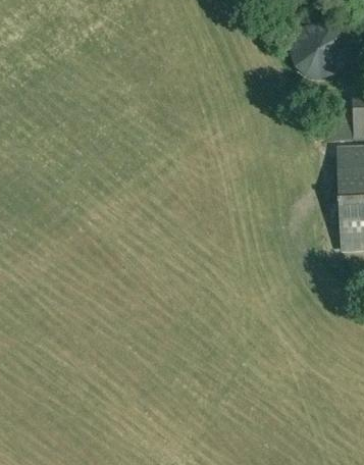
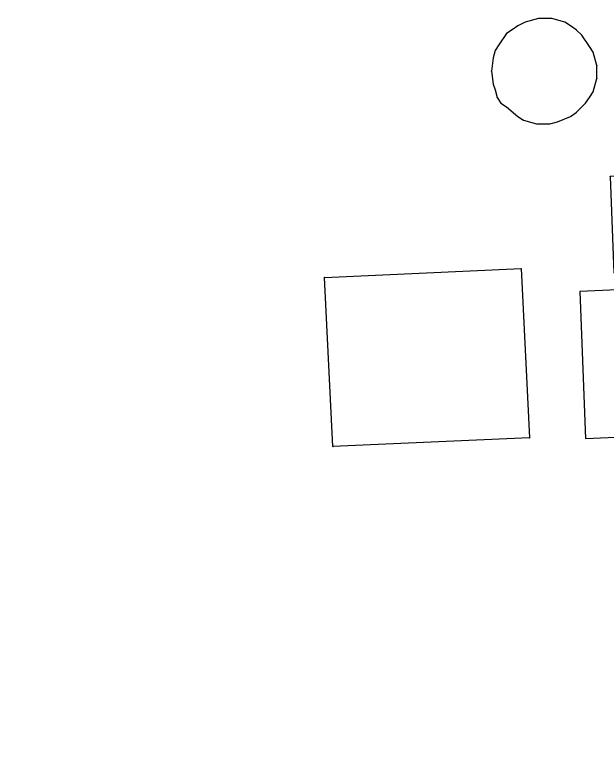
building: none -> [324,269,530,447]

